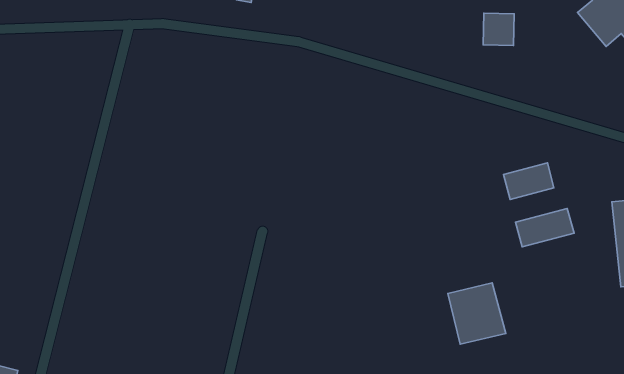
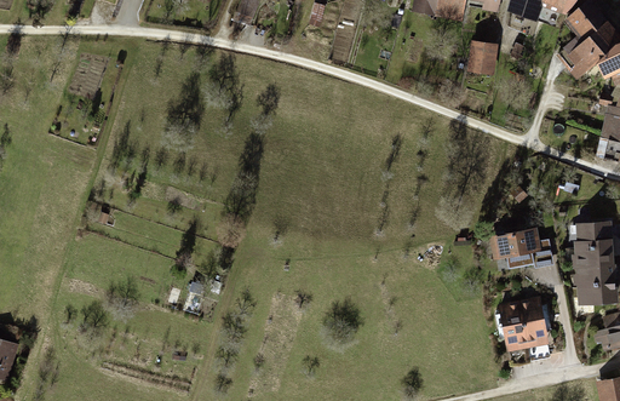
building: [504,163,554,199] -> none
building: [448,283,506,344] -> [496,294,547,349]

